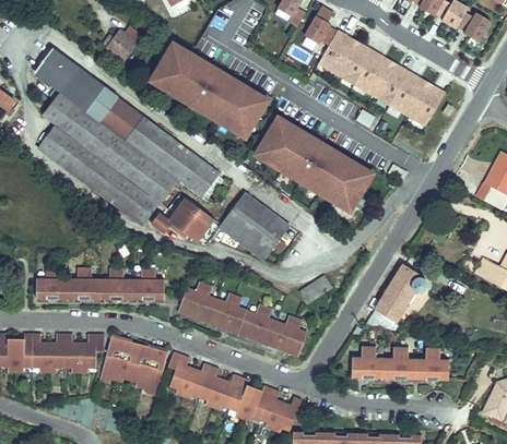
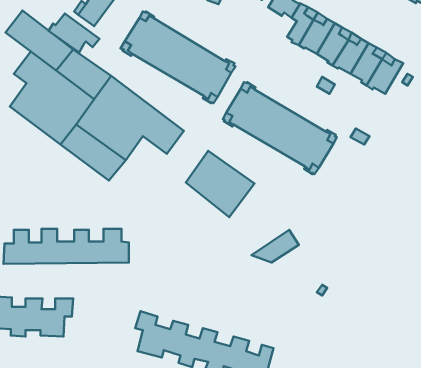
building: none -> [49,13,100,52]
building: [151,193,213,236] -> none
building: [356,266,428,328] -> none
building: [173,287,307,350] -> none
building: [99,339,166,399] -> none
building: [351,344,455,379] -> none

